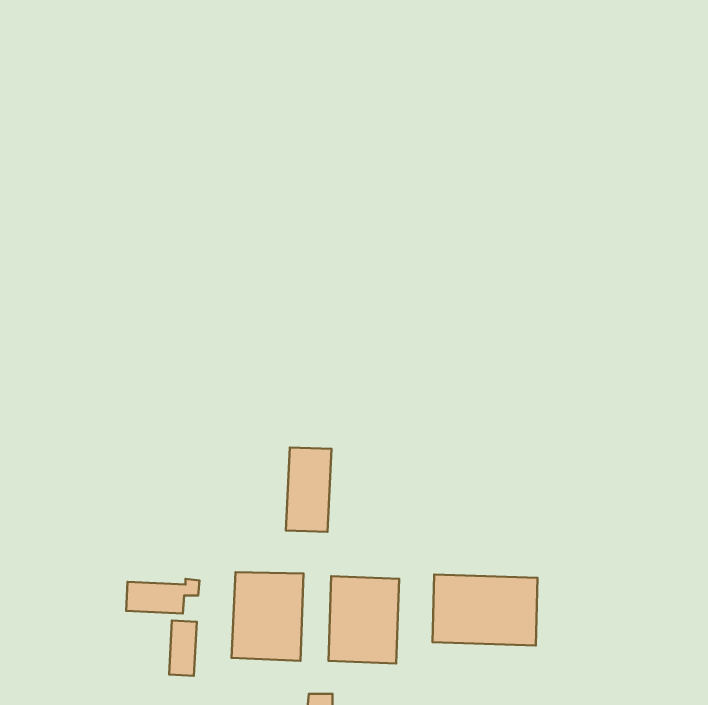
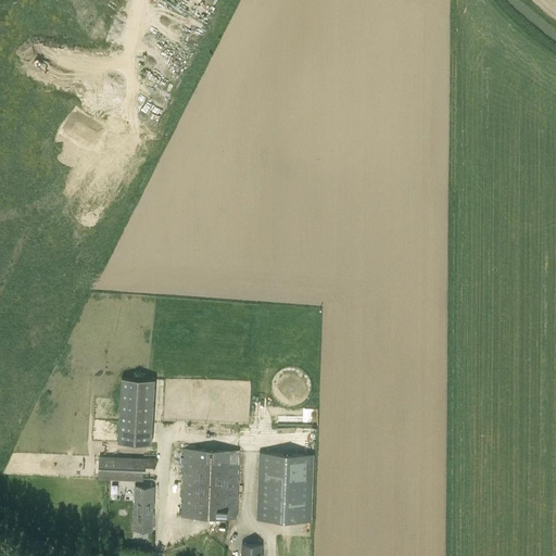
building: [286,447,332,532] -> [118,380,154,446]
building: [433,575,538,646] -> none

